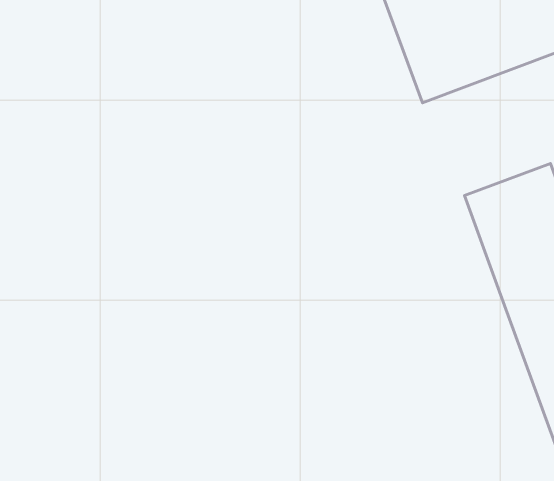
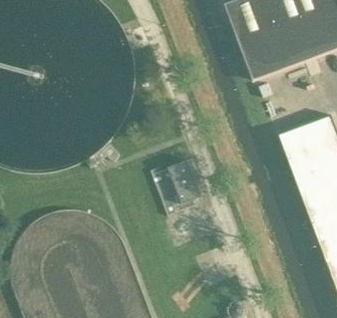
building: none -> [149,158,198,212]

